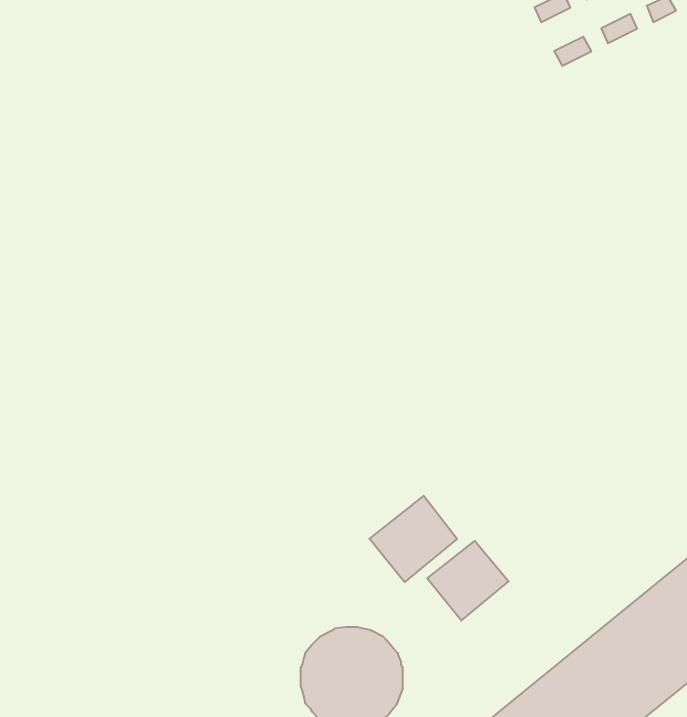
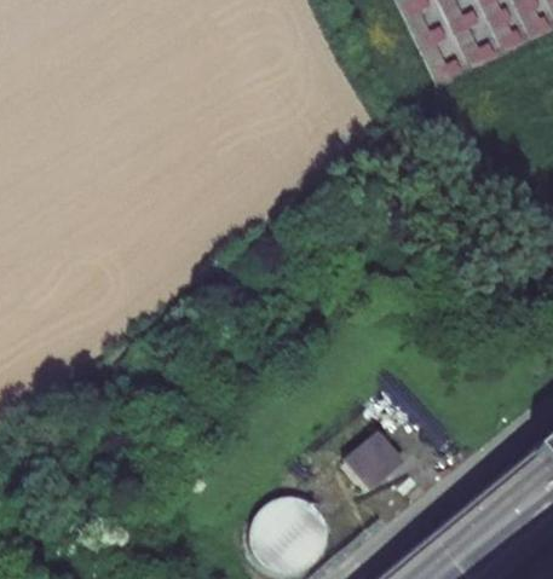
building: [369,496,457,582] -> none

